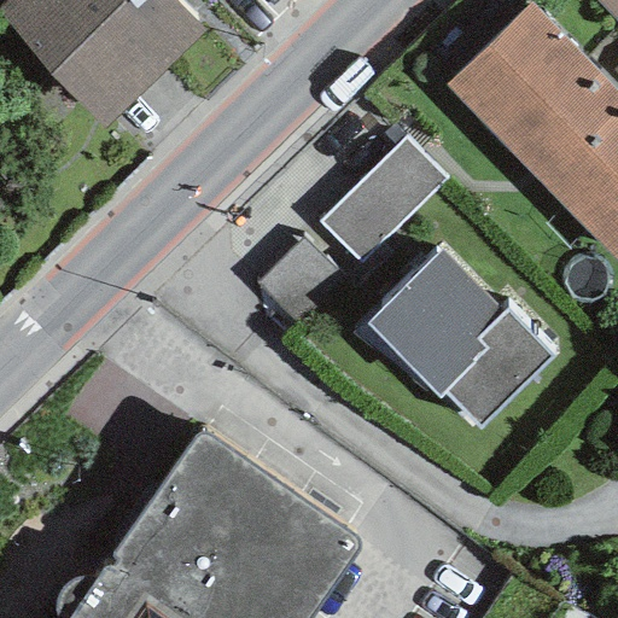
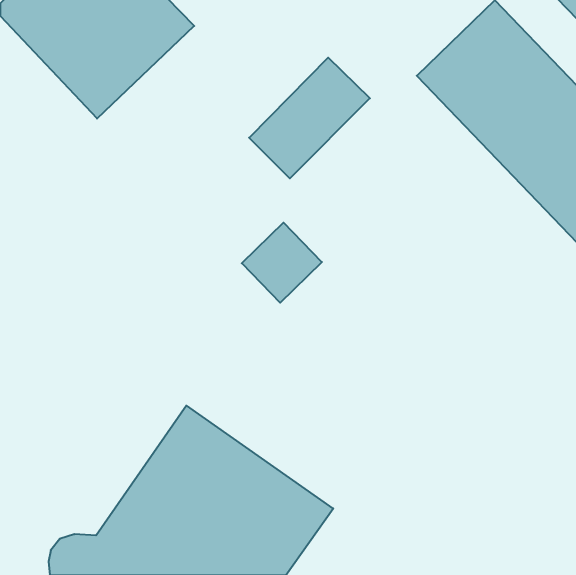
building: [320,136,449,266] -> [249,58,370,178]
building: [367,250,554,426] -> none

